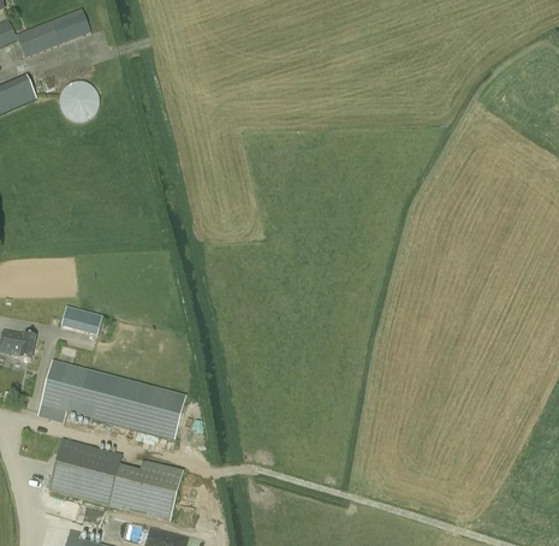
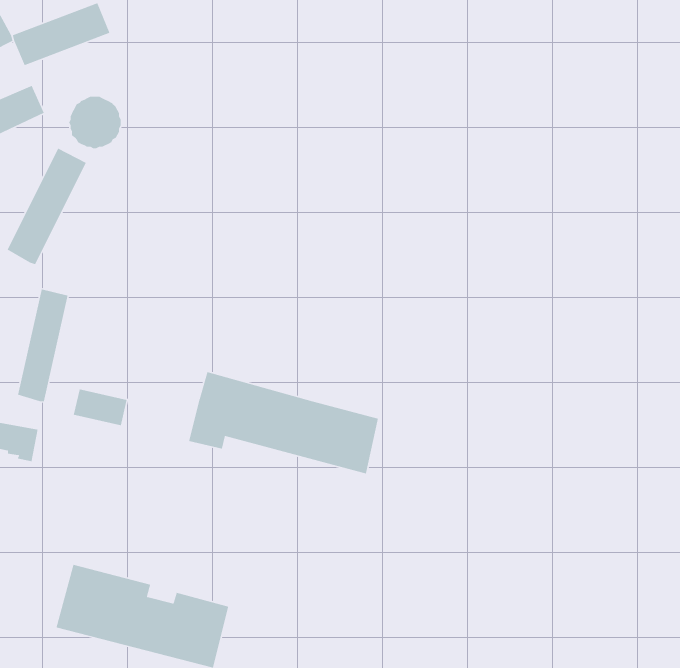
building: none -> [6,147,87,265]
building: none -> [17,288,69,402]
building: [36,361,183,440] -> [188,371,379,474]

